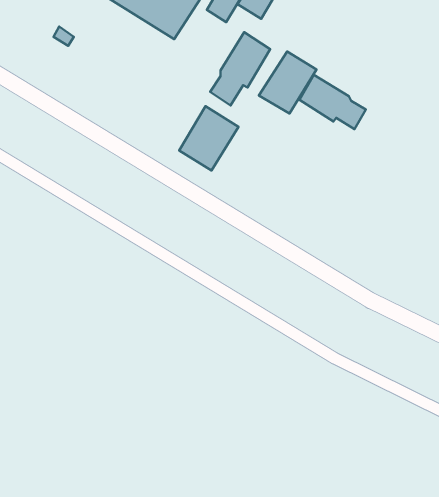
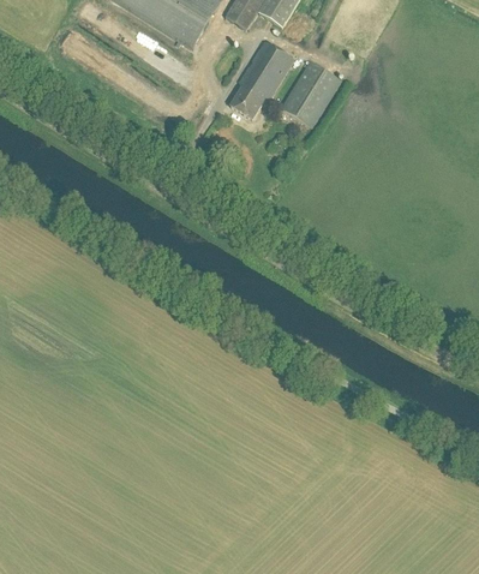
building: [299,75,366,129] -> none
building: [179,106,238,170] -> none

